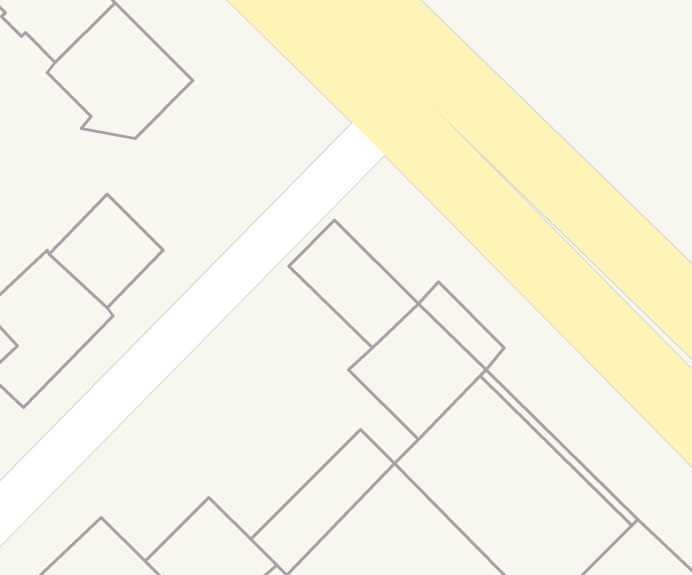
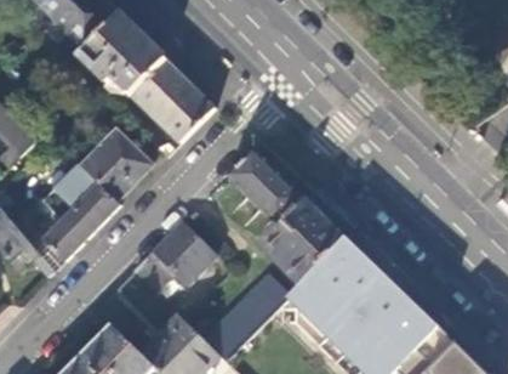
building: none -> [132,62,213,143]
building: none -> [132,221,215,294]

